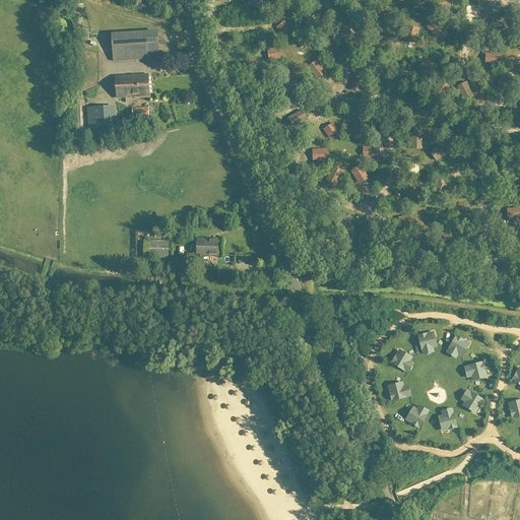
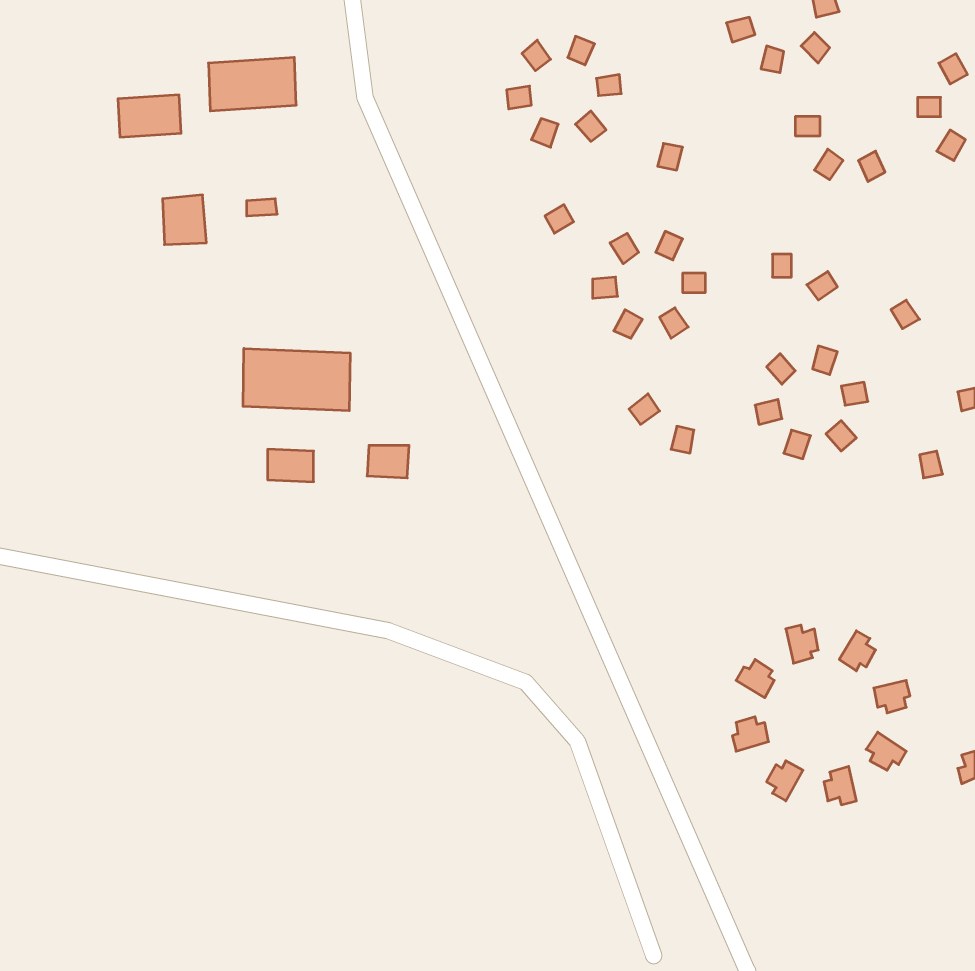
building: [115,73,148,95] -> [118,95,181,137]
building: none -> [243,348,350,411]

